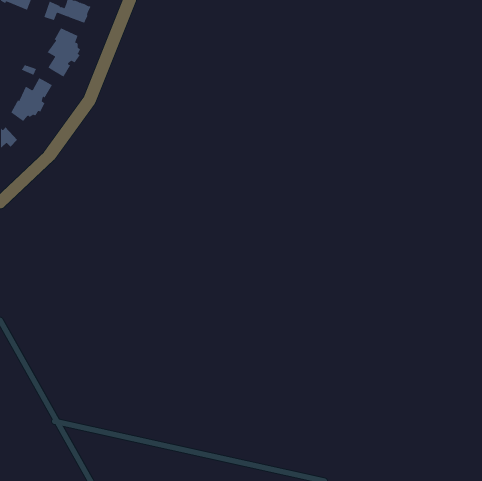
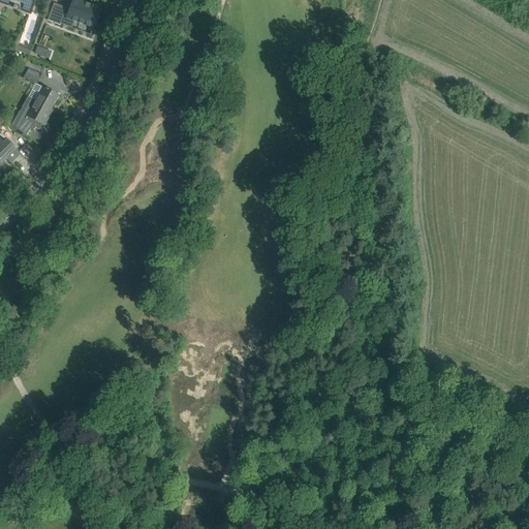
building: [47,28,81,78] -> none

